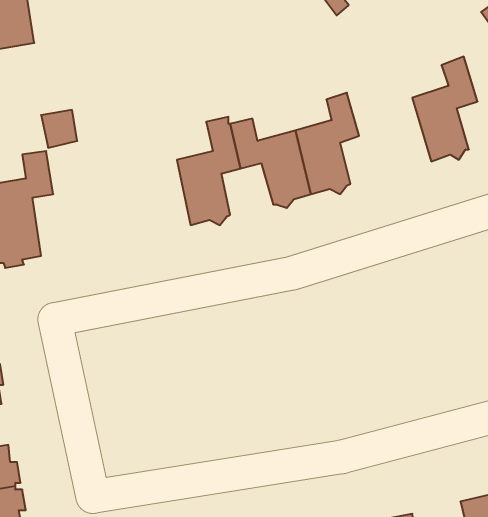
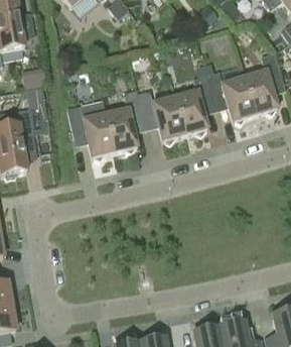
building: none -> [206,70,256,122]
building: none -> [67,99,115,158]

